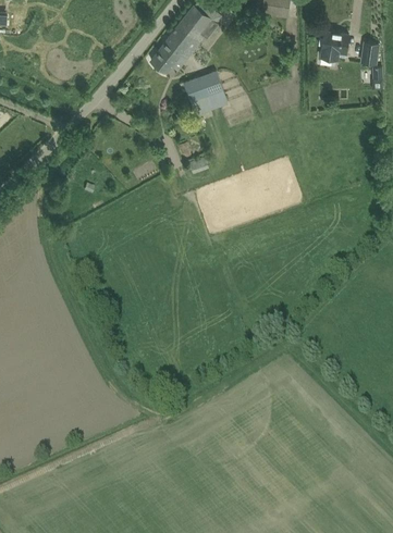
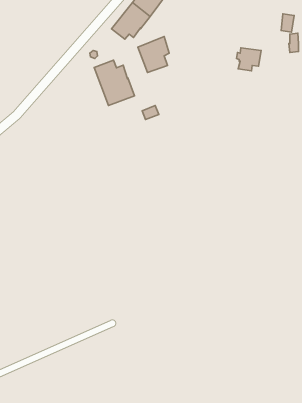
building: [317,32,347,60] -> [237,48,261,71]
building: none -> [94,60,134,105]

